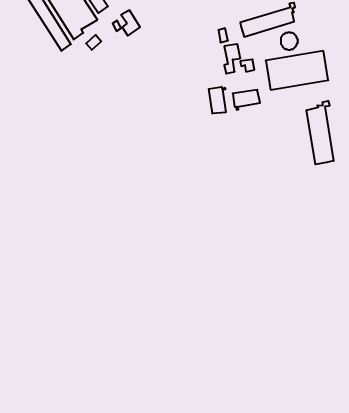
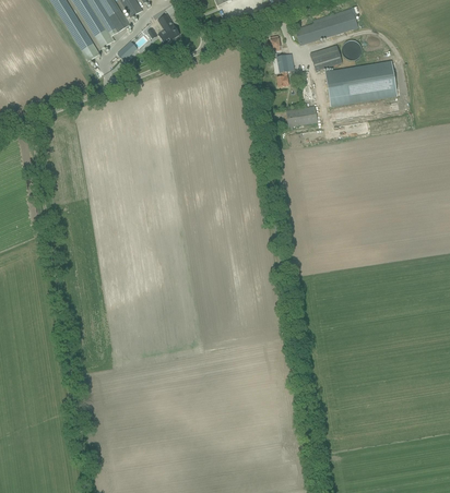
building: none -> [309,44,342,70]
building: [209,87,226,114] -> none
building: [307,101,334,164] -> none

